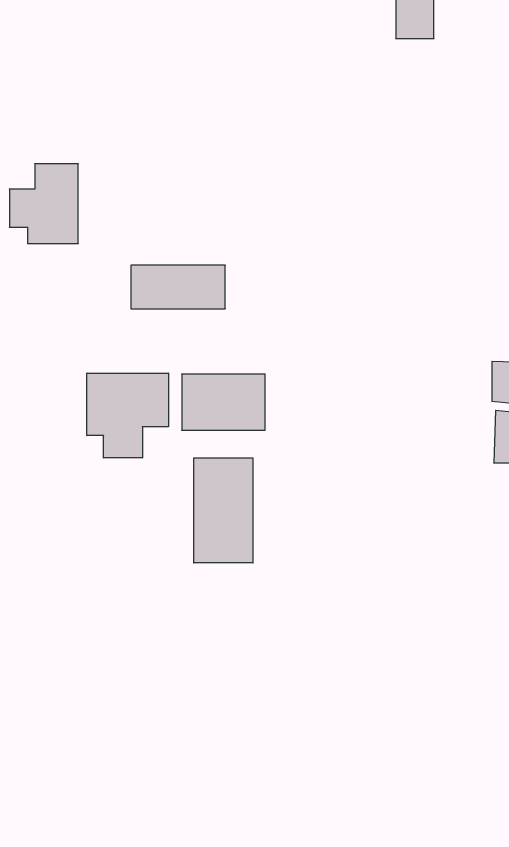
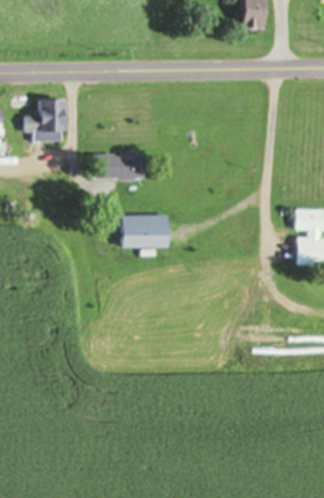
building: [87,373,168,458] -> none
building: [194,458,253,563] -> none

